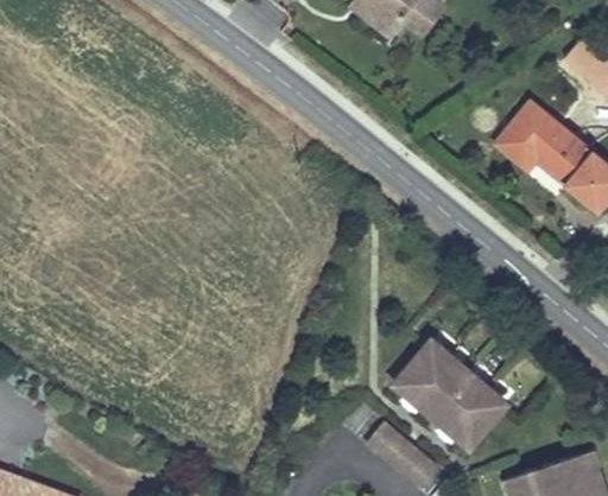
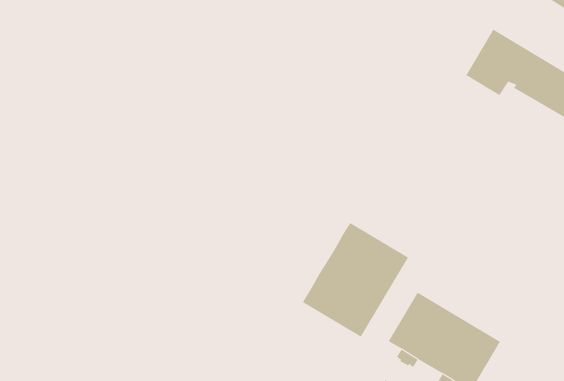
building: none -> [302,222,409,338]

